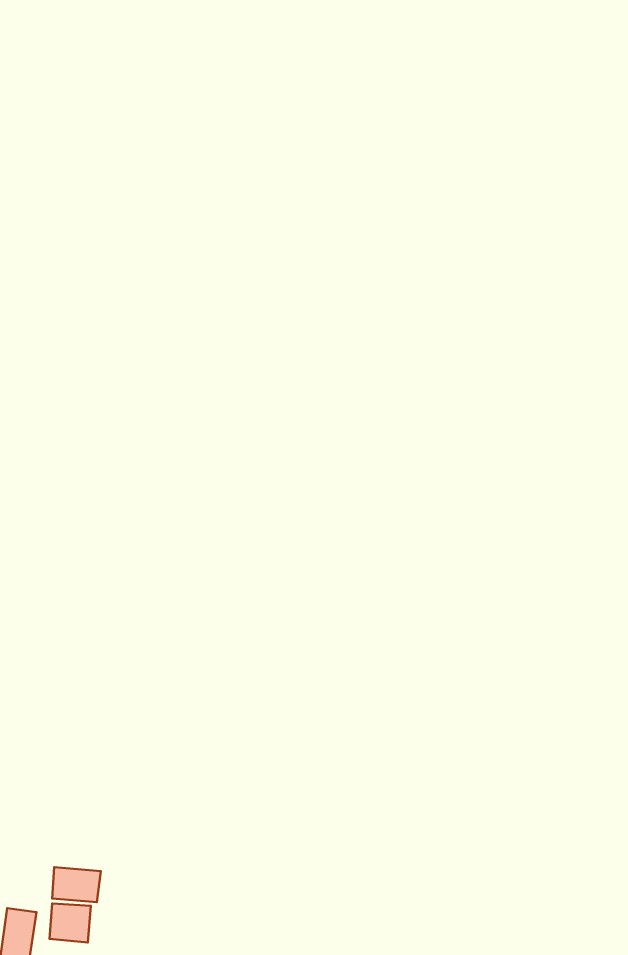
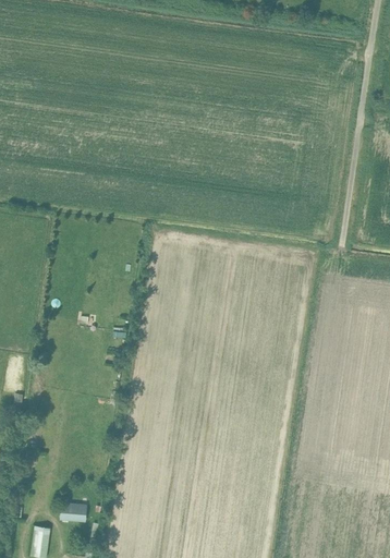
building: [49,904,91,943] -> none

